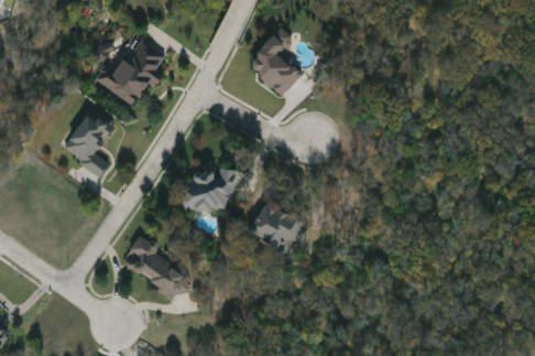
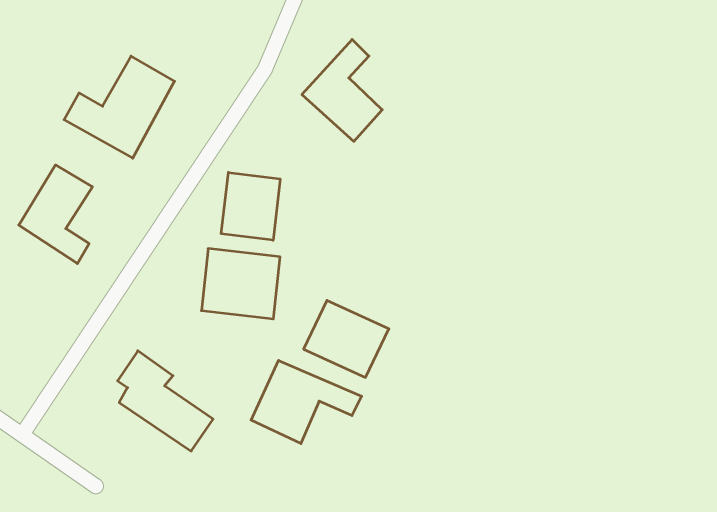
building: none -> [221,172,280,240]
building: none -> [251,360,362,444]

